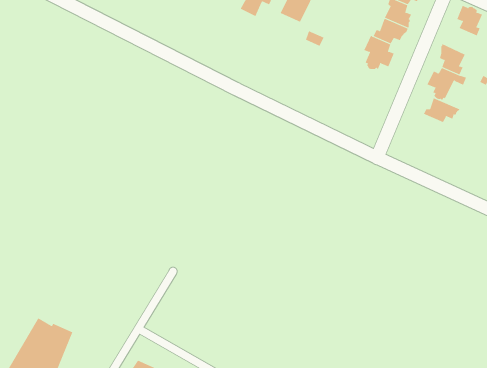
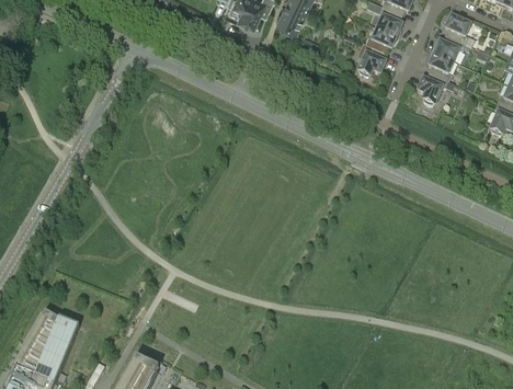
building: none -> [431,36,465,61]
building: [423,97,460,123] -> none

